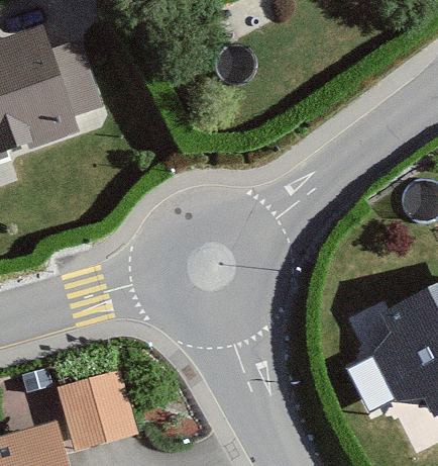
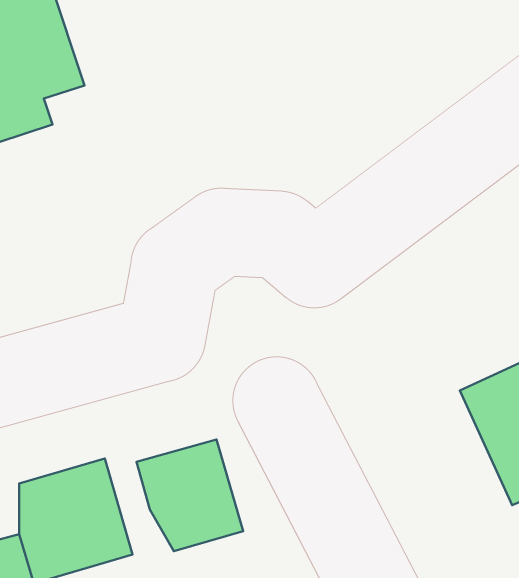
building: none -> [137,439,243,551]

